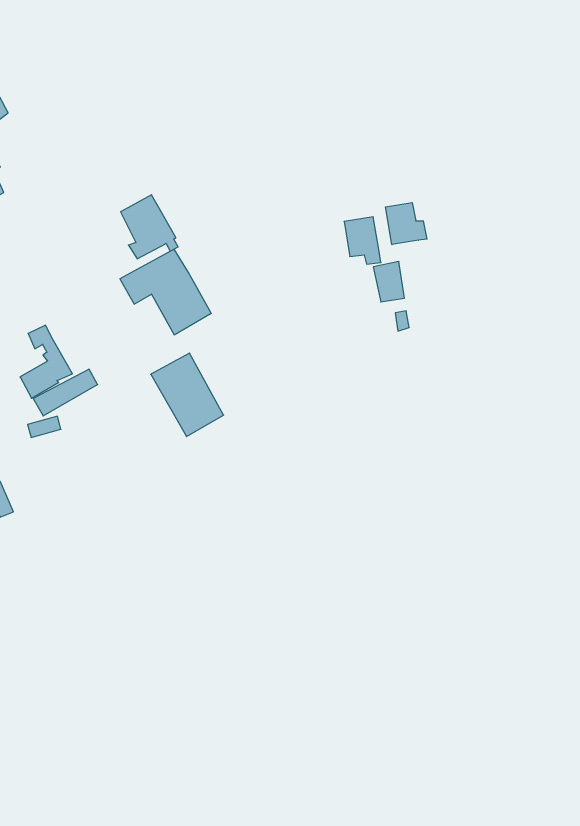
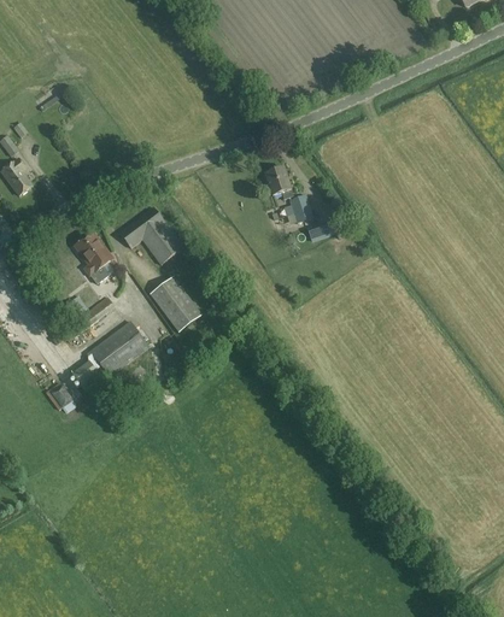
building: [121,195,178,259] -> [74,231,116,276]
building: [386,203,427,245] -> none
building: none -> [71,319,150,392]

